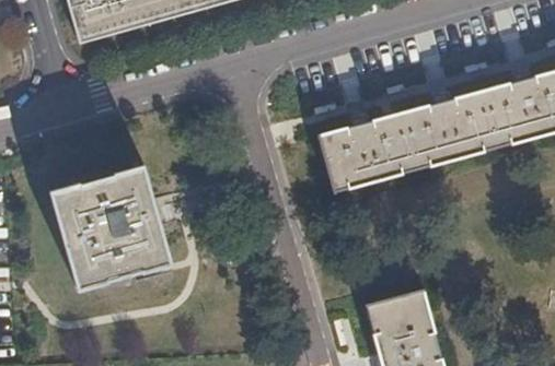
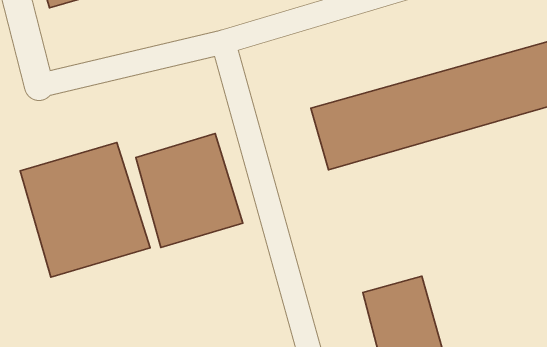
building: none -> [136,133,243,248]

